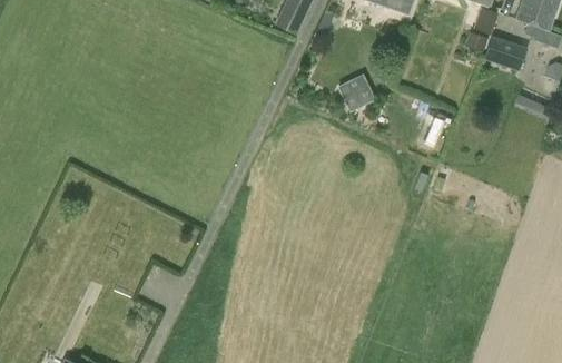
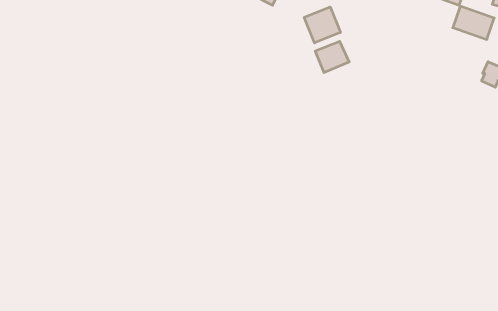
building: none -> [304,7,340,43]

